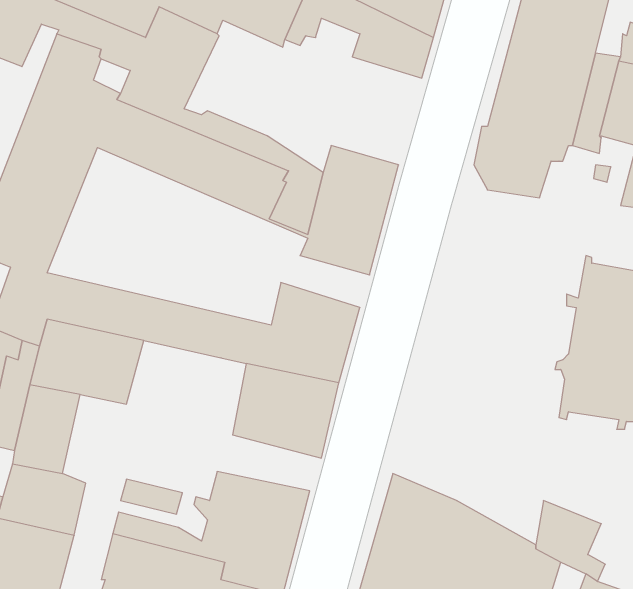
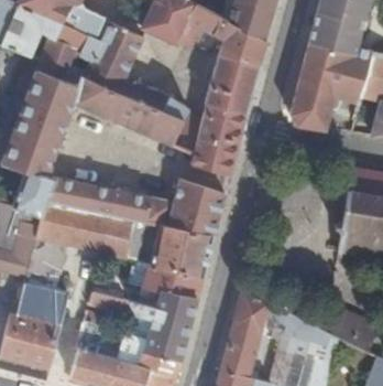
building: none -> [205,52,259,114]
building: none -> [90,214,144,261]
building: none -> [142,267,201,300]

